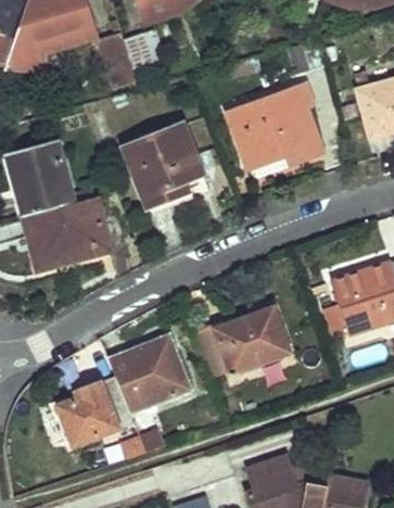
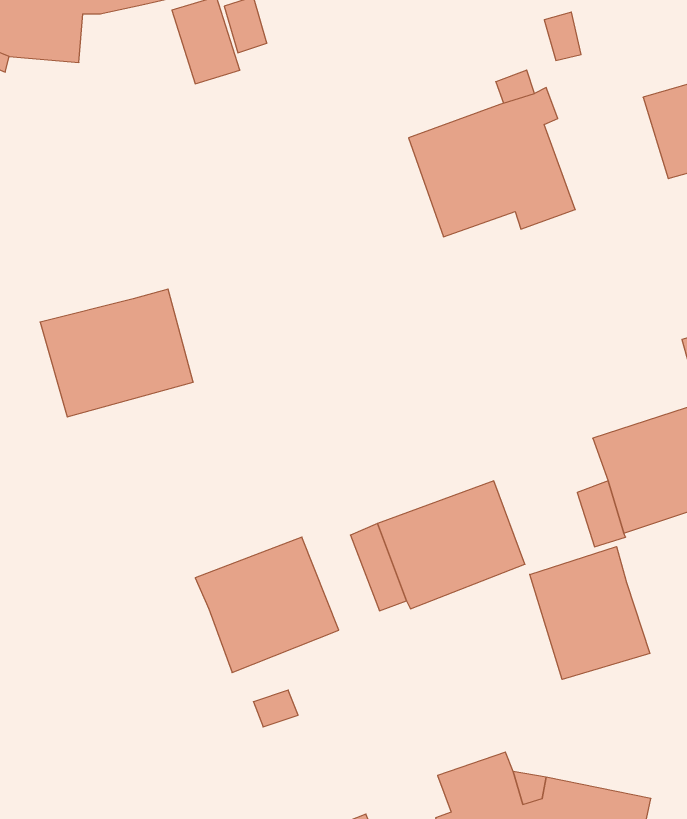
building: [124,125,202,207] -> none
building: [7,140,75,216] -> none
building: none -> [530,547,650,679]
building: [61,377,136,447] -> none

